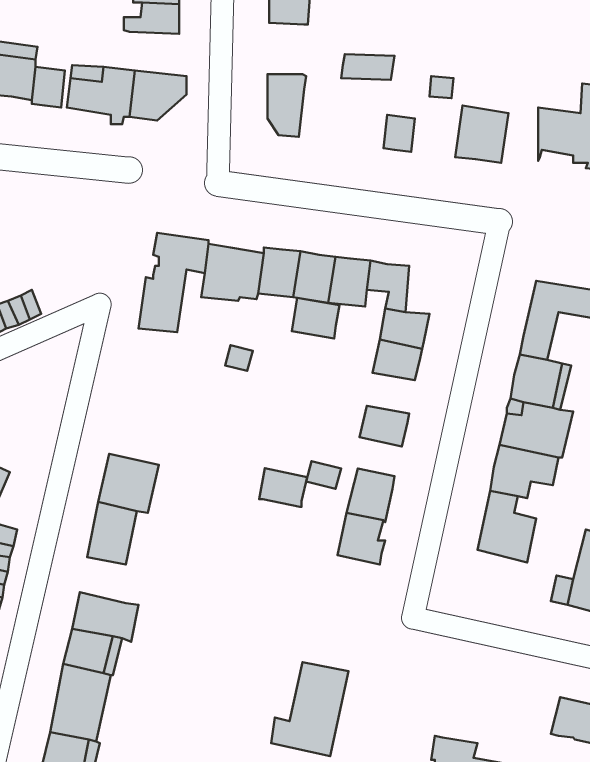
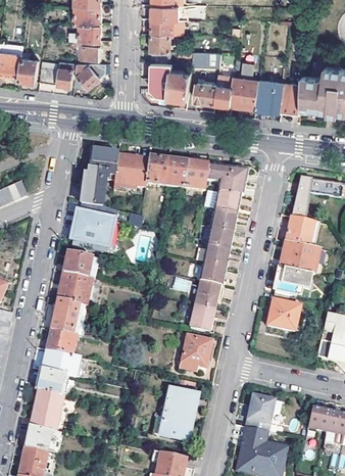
building: none -> [150,33,170,61]
building: none -> [72,38,101,58]
building: none -> [167,69,190,98]
building: none -> [230,76,258,107]
building: none -> [280,80,300,112]
building: none -> [194,82,216,102]
building: none -> [227,168,247,194]
building: [292,298,340,338] -> [205,227,232,249]
building: none -> [69,210,112,246]
building: none -> [62,251,98,278]
building: [259,468,307,507] -> [198,263,225,284]
building: none -> [46,329,76,354]
building: none -> [180,335,210,370]
building: none -> [245,395,273,432]

